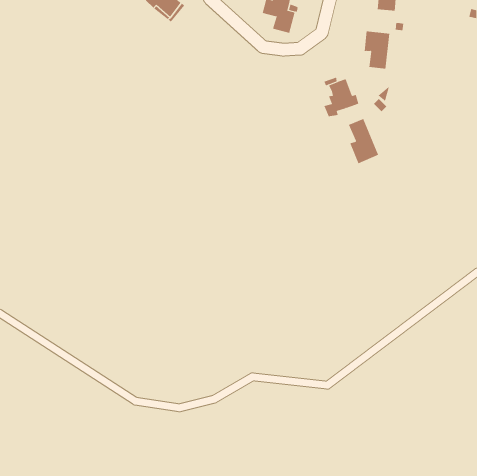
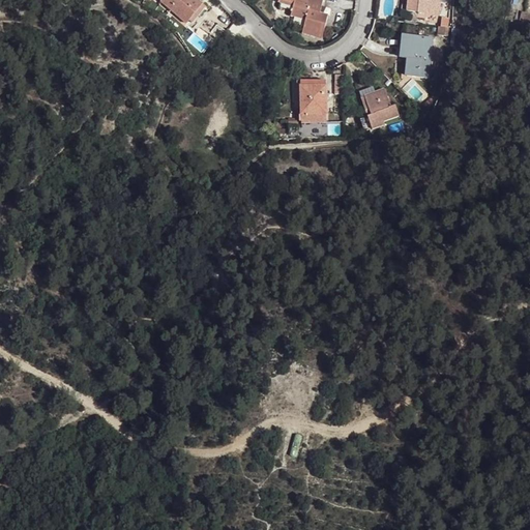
building: none -> [299,79,326,122]
building: [348,118,379,164] -> none

